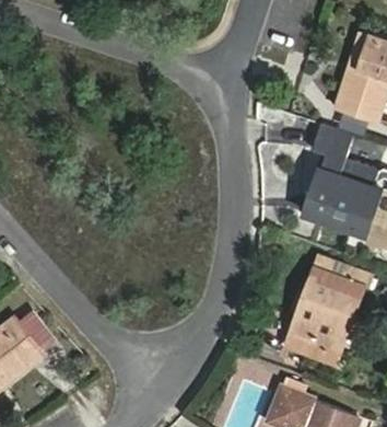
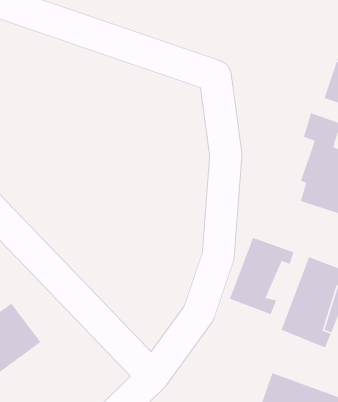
building: none -> [229,237,294,315]

